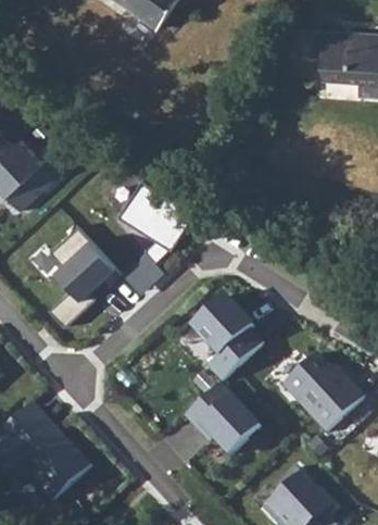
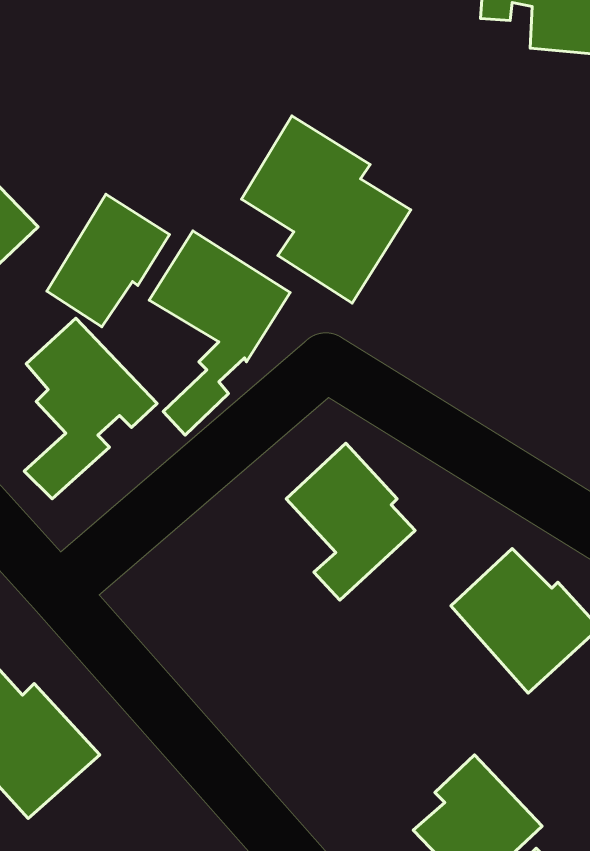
building: none -> [241,116,411,303]
building: none -> [47,194,170,327]
building: [185,384,261,454] -> none

